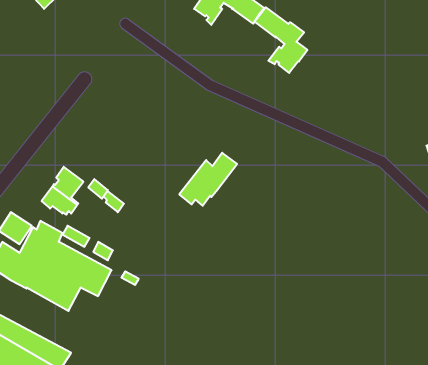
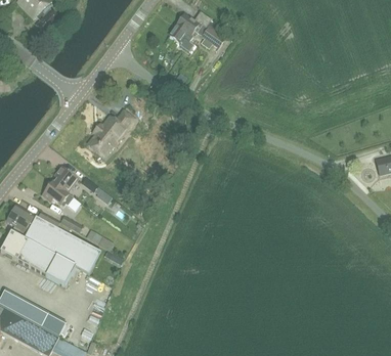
building: [255,7,307,73] -> none
building: [179,153,237,206] -> [88,109,136,153]

